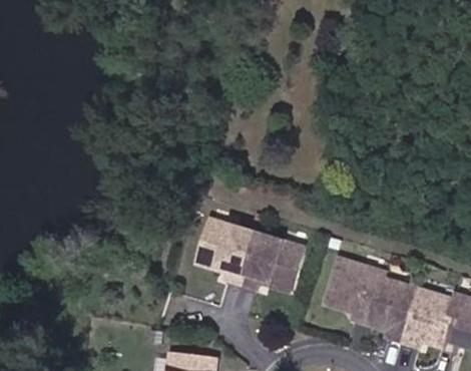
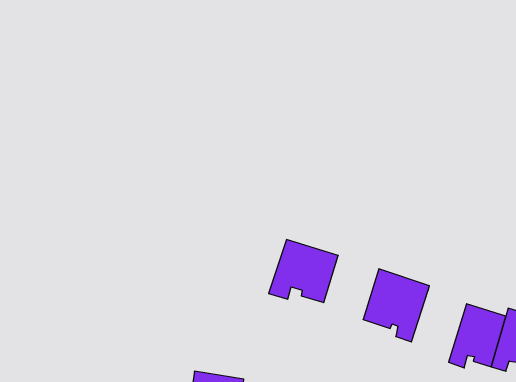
building: [195,218,256,280] -> none
building: [367,277,416,341] -> none

